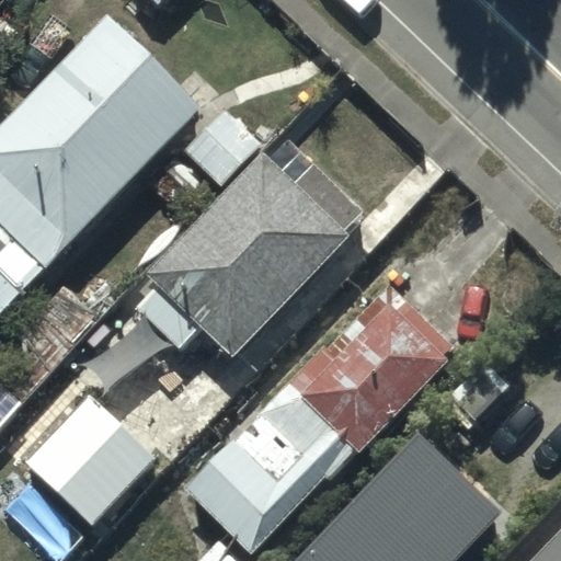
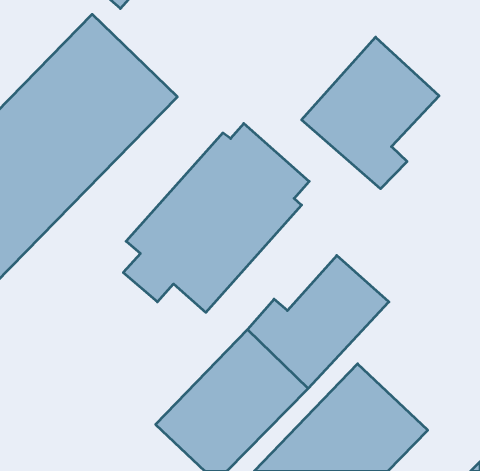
building: none -> [302,37,439,189]
building: [26,396,158,527] -> none

